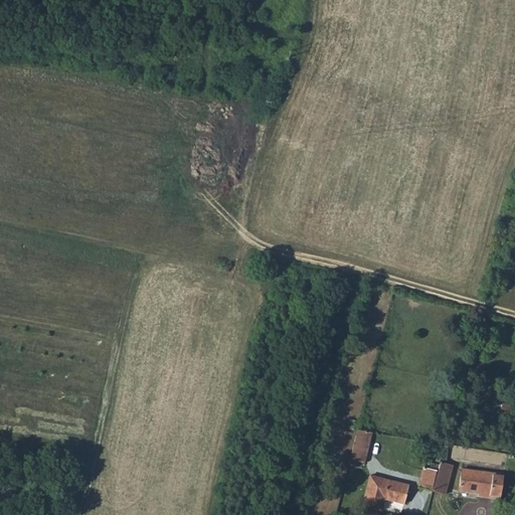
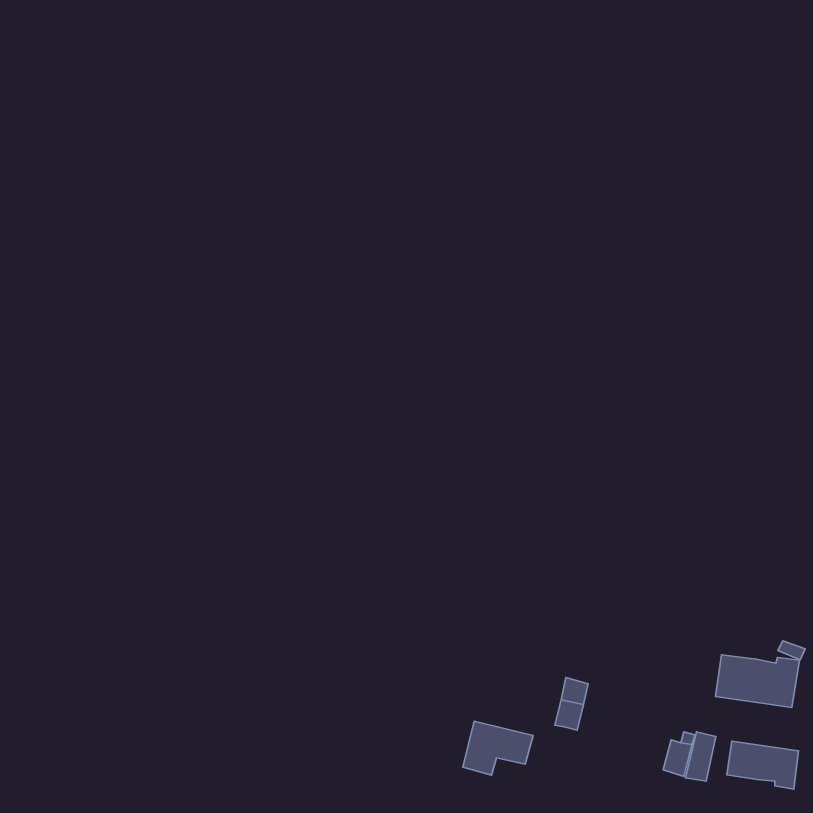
building: none -> [715,655,799,707]
building: [364,475,408,509] -> [463,721,533,775]

